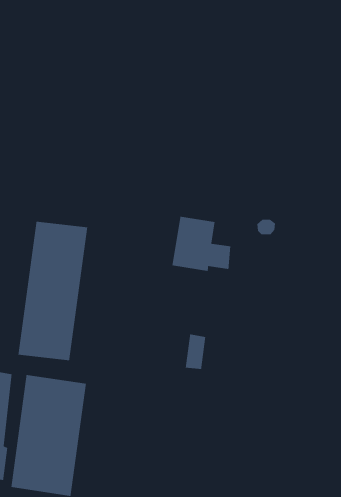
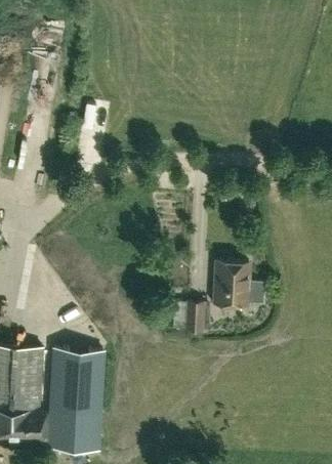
building: [171,216,231,272] -> [214,260,263,305]
building: [17,221,88,361] -> none

